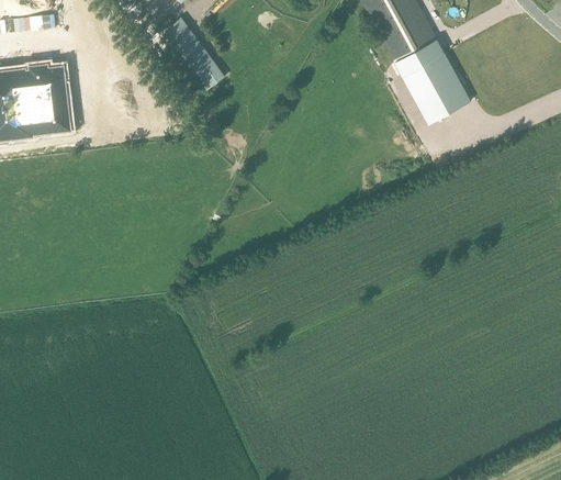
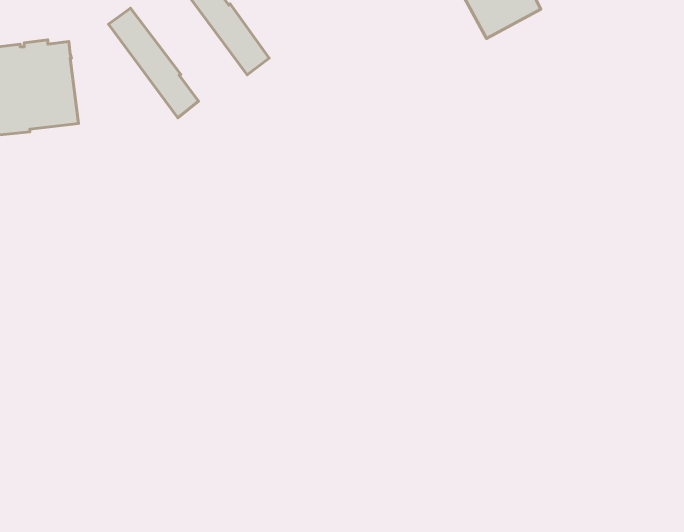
building: none -> [109,8,198,118]
building: [402,51,470,122] -> none

